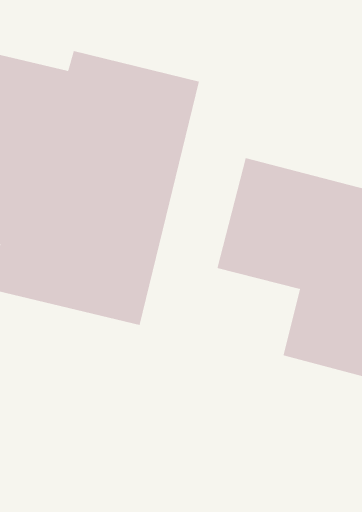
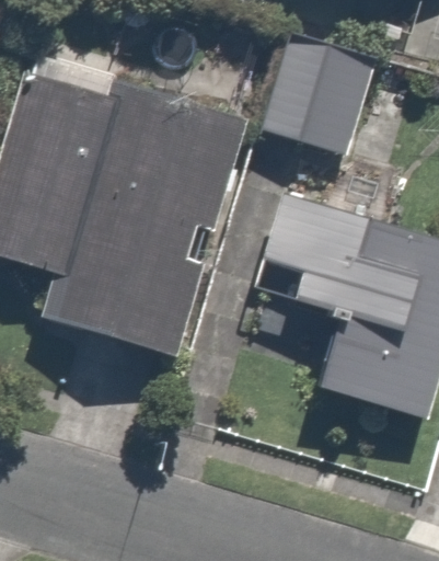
building: none -> [259,38,368,151]

